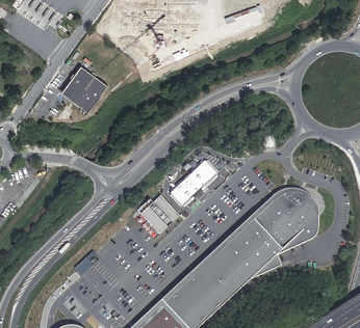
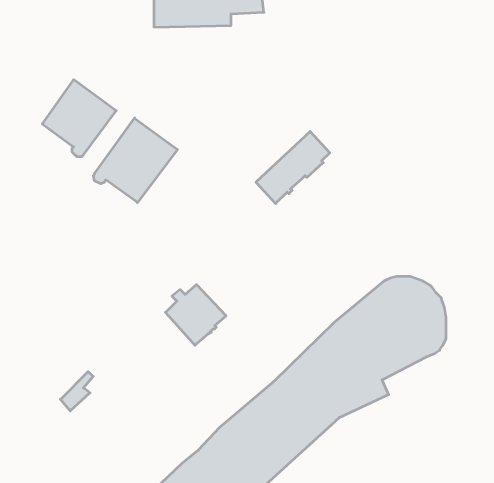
building: none -> [93,118,177,203]
building: [169,160,215,206] -> [256,131,330,204]

